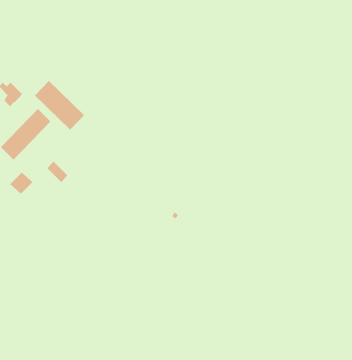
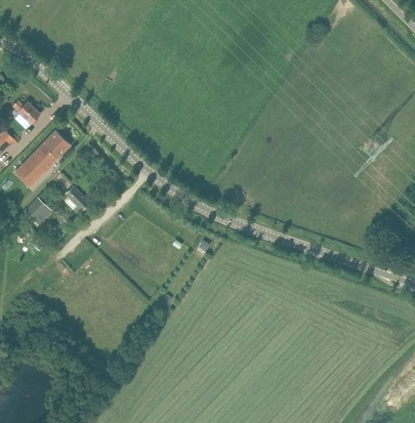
building: [34,80,85,130] -> none

